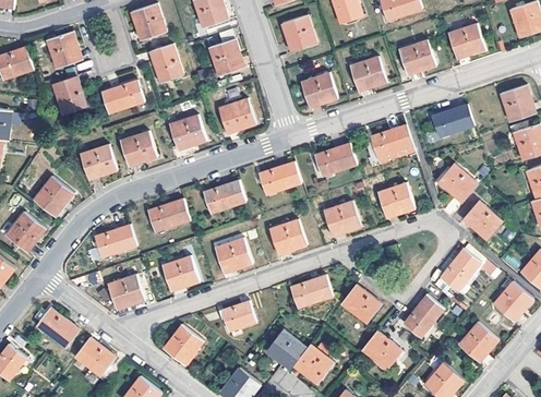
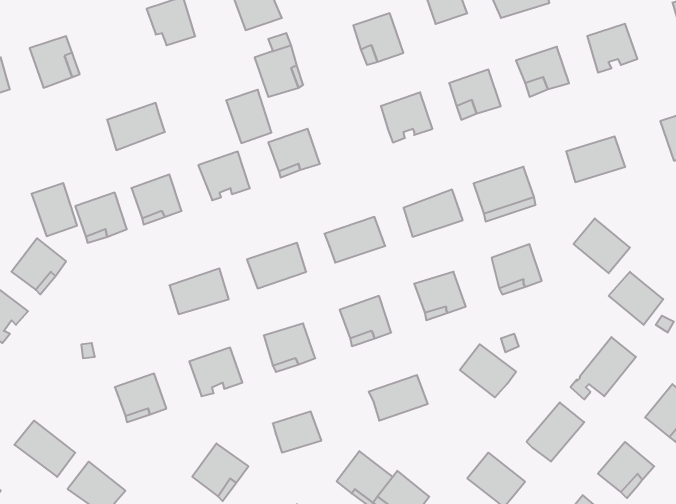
building: [149,44,182,82] -> [226,90,272,143]
building: [53,76,86,115] -> [31,183,77,236]
building: [94,224,136,257] -> none
building: [341,285,382,323] -> [460,344,516,397]

